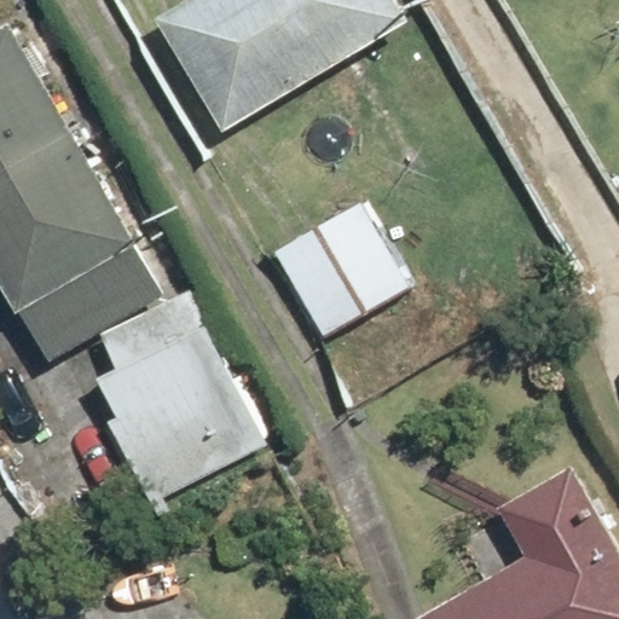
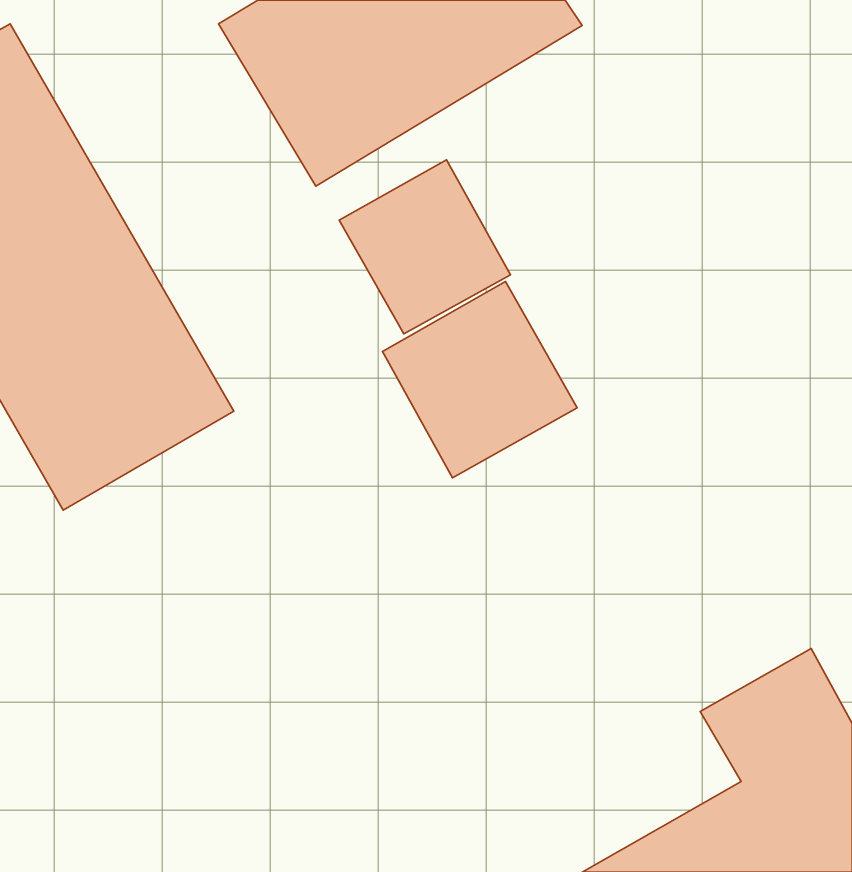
building: none -> [339,160,510,334]
building: [94,291,271,515] -> none

